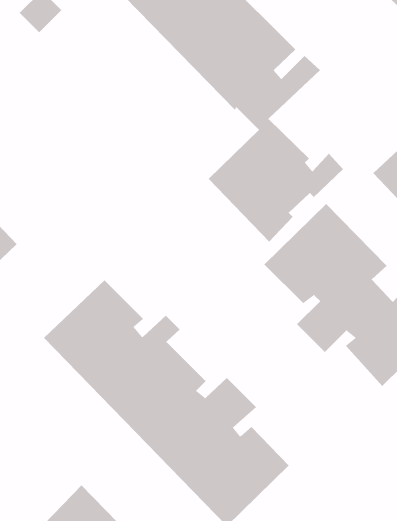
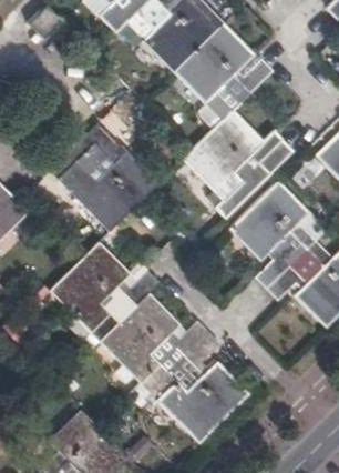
building: none -> [47,120,158,231]

